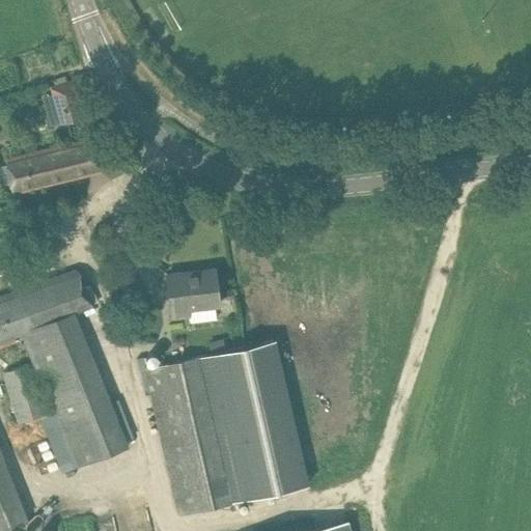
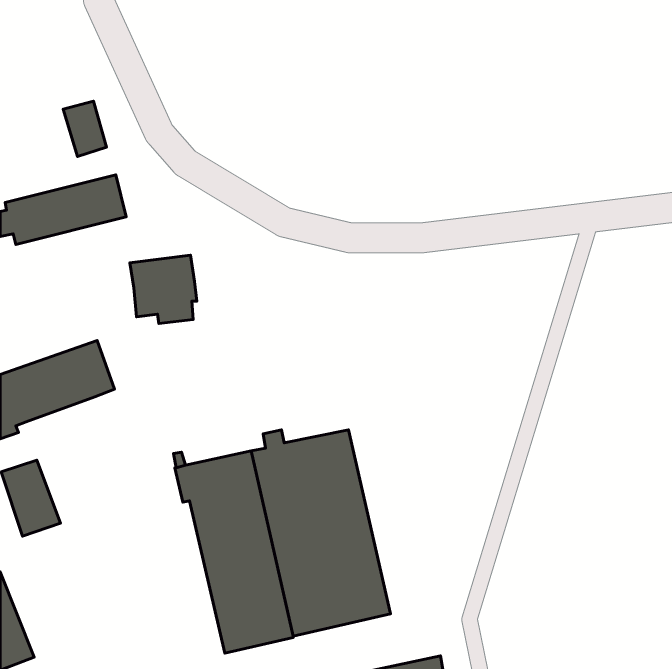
building: [166,271,219,325] -> [130,255,197,323]
building: [21,315,128,470] -> none

